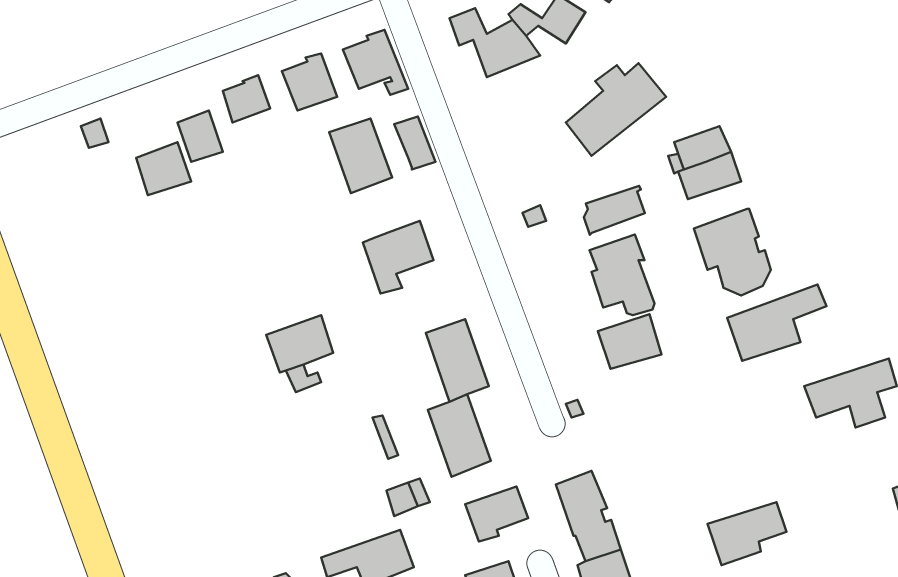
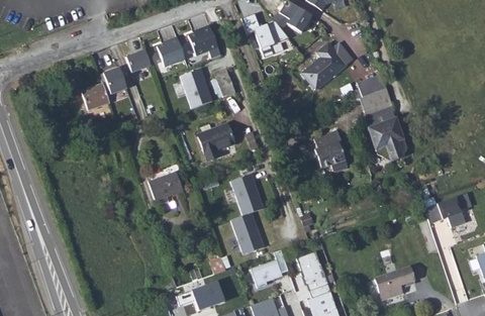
building: [584,186,645,235] -> [364,103,395,128]
building: [727,285,827,361] -> none
building: [598,314,662,369] -> none

